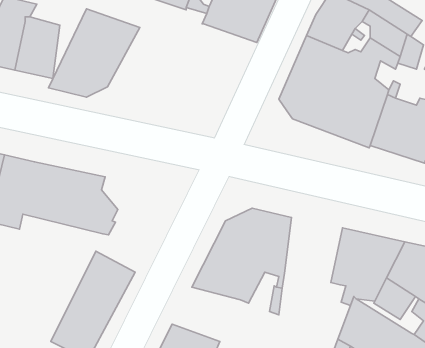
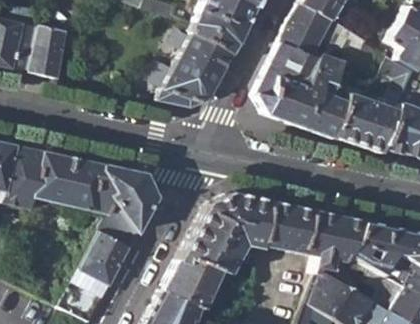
building: [48,9,140,97] -> [159,32,238,108]
building: none -> [99,164,160,246]
building: none -> [262,199,312,255]
building: none -> [165,259,224,307]

